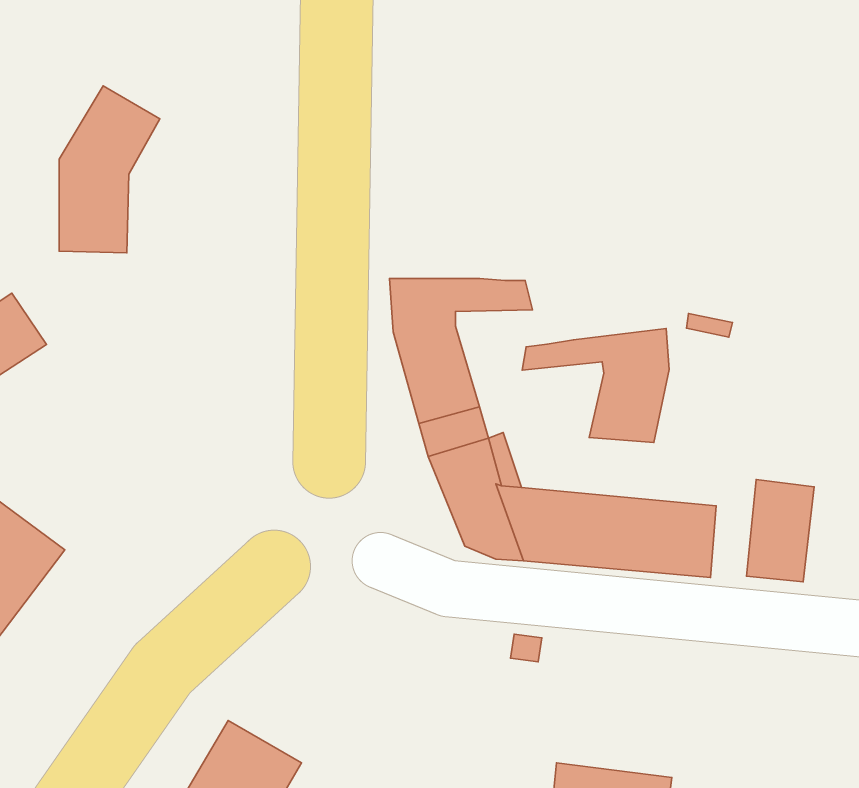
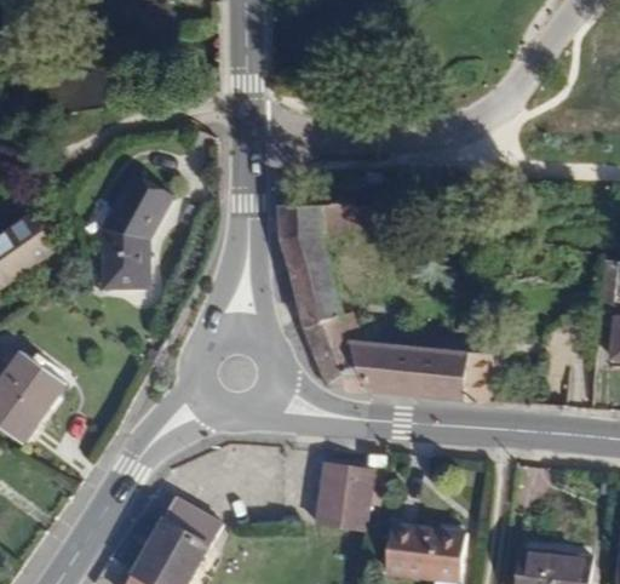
building: [59,86,160,253] -> [99,179,166,290]
building: [522,329,669,442] -> none
building: [746,480,814,582] -> none
building: none -> [315,462,374,532]

